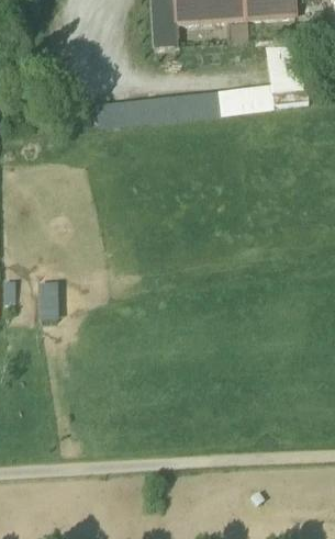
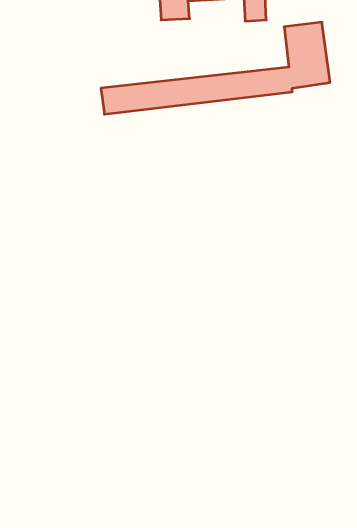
building: [38,281,59,318] -> none

